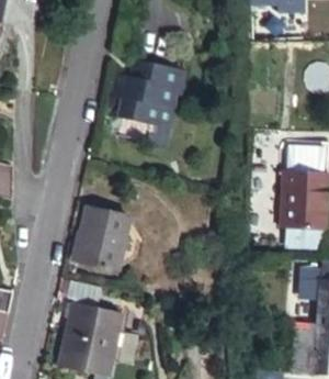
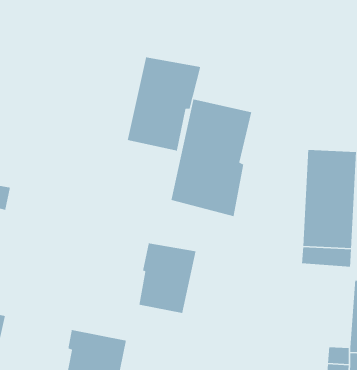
building: none -> [170,99,252,217]
building: [76,210,127,274] -> [138,242,196,314]

